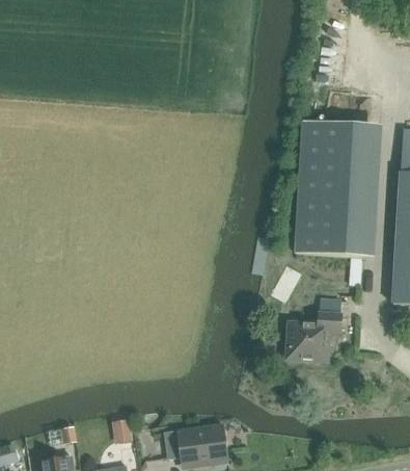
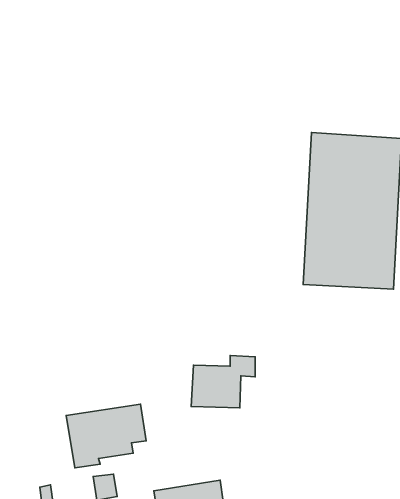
building: [285,314,341,360] -> [191,356,255,408]
building: none -> [66,404,146,468]

